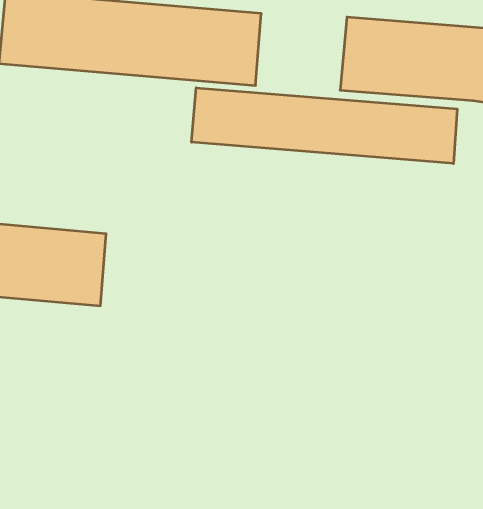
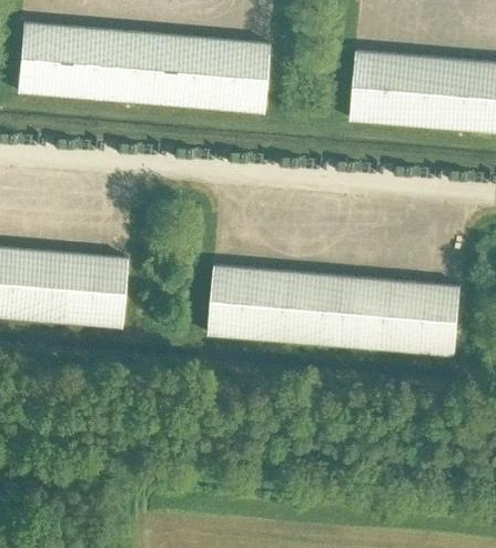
building: [192,88,457,164] -> none
building: none -> [207,267,459,357]

